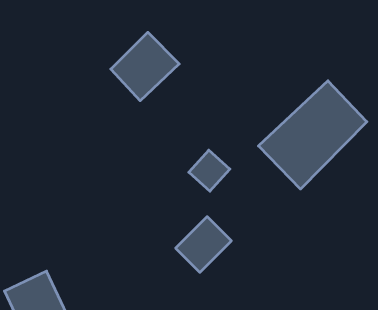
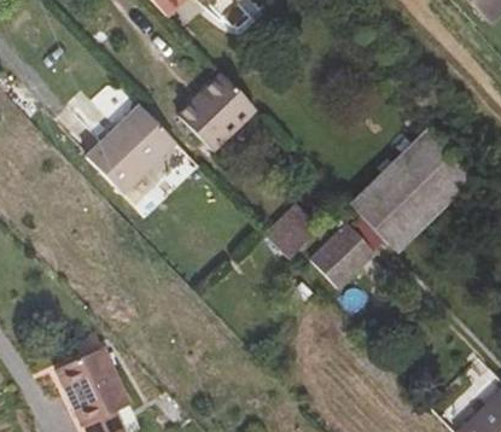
building: none -> [86,104,175,194]
building: [176,217,231,272] -> [311,224,375,288]

